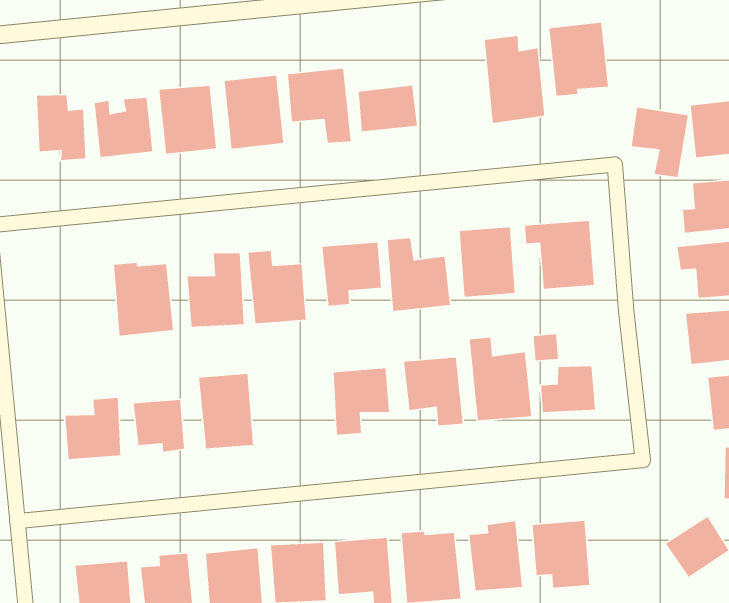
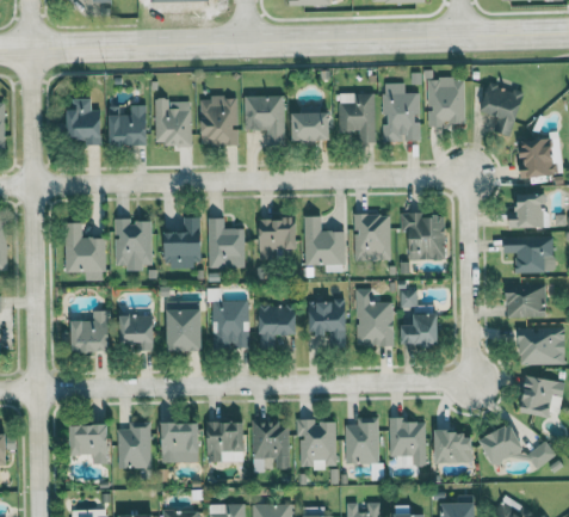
building: none -> [339,93,376,142]
building: [631,107,689,178] -> [481,84,522,135]
building: none -> [66,222,105,281]
building: none -> [211,301,251,349]
building: none -> [435,431,474,463]

